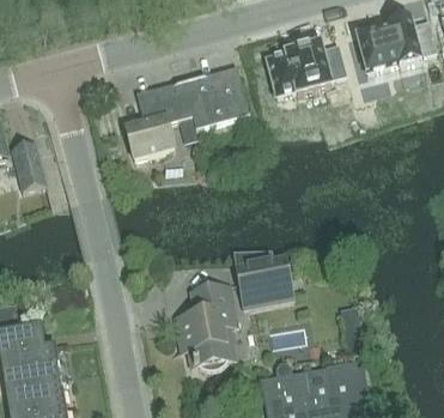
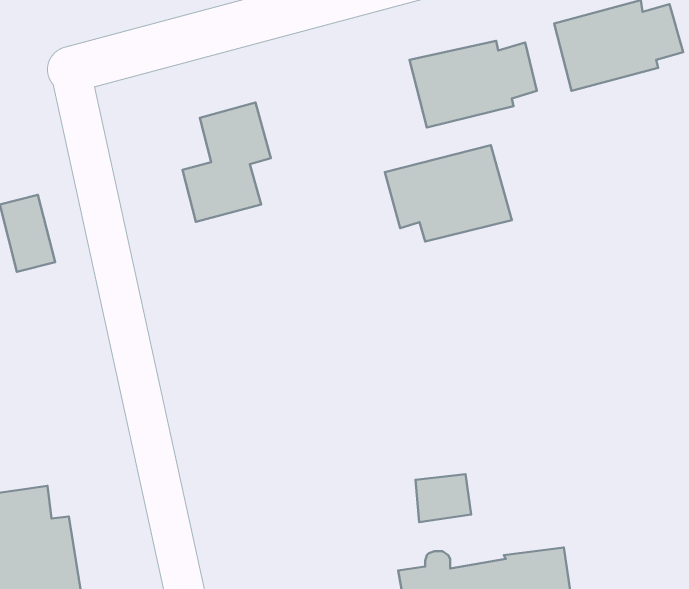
building: [170,67,249,127] -> [385,145,512,242]
building: [233,259,292,307] -> none
building: [174,284,237,366] -> none

